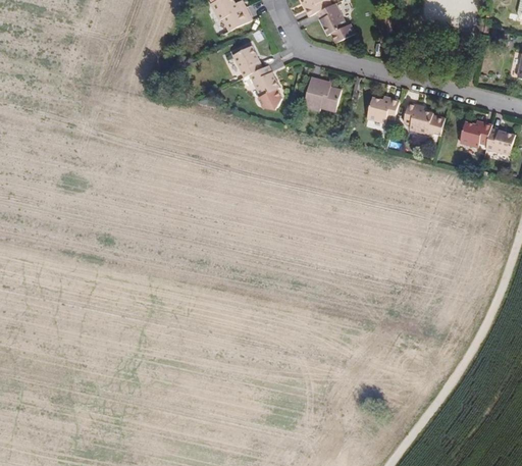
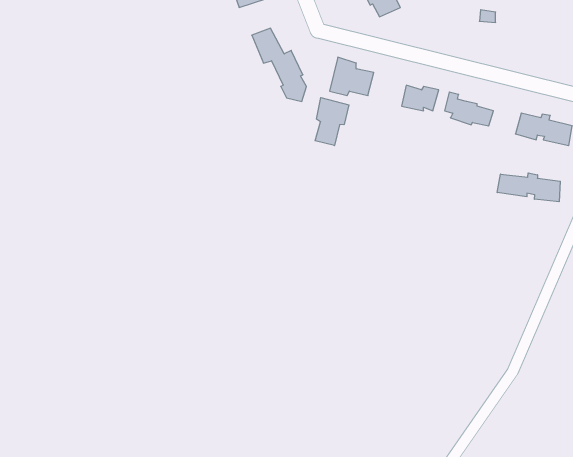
building: none -> [315,98,349,146]
building: none -> [497,173,560,202]

